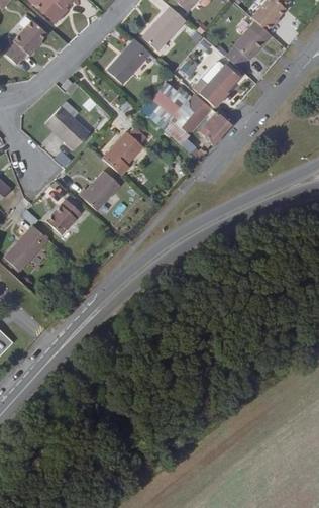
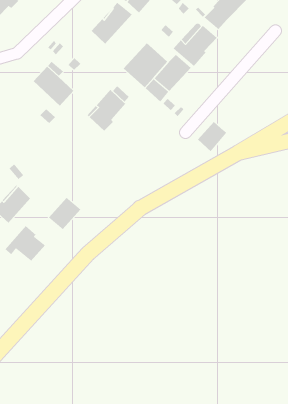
building: [199,112,230,144] -> [197,121,227,152]
building: [79,171,119,211] -> none
building: [45,199,80,233] -> [48,197,81,230]
building: none -> [4,225,46,262]

